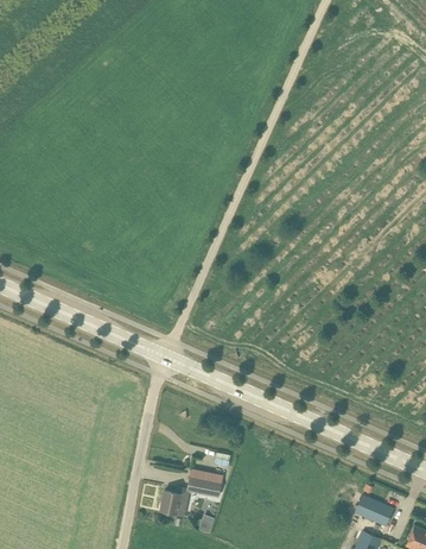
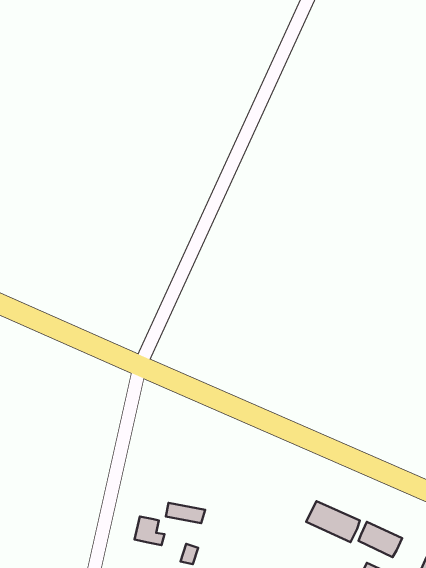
building: none -> [306,501,360,542]

